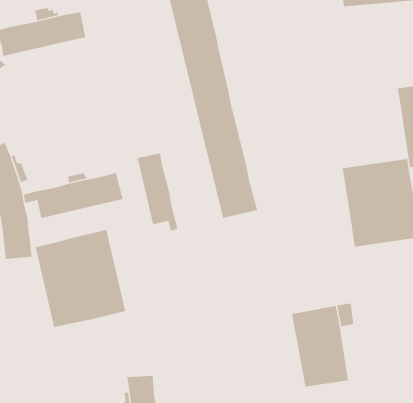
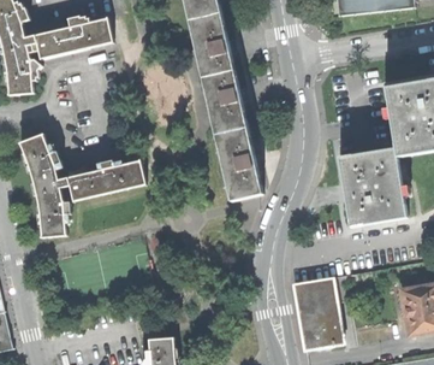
building: [137,152,178,232] -> none
building: [35,229,126,328] -> none

